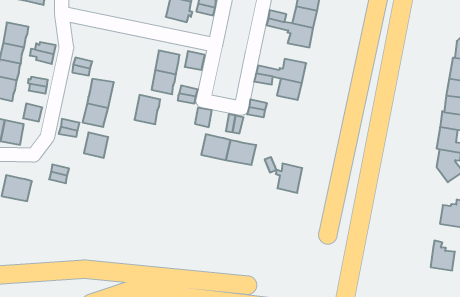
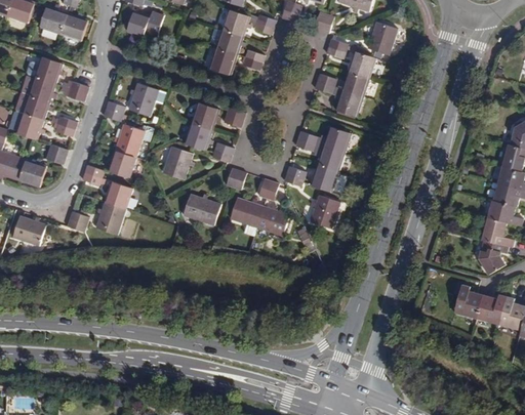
building: none -> [129,83,166,116]
building: none -> [311,164,338,192]
building: none -> [185,193,223,224]
building: none -> [96,203,126,235]
building: [276,164,302,193] -> [311,196,339,229]
building: [431,241,455,270] -> [452,285,480,319]

